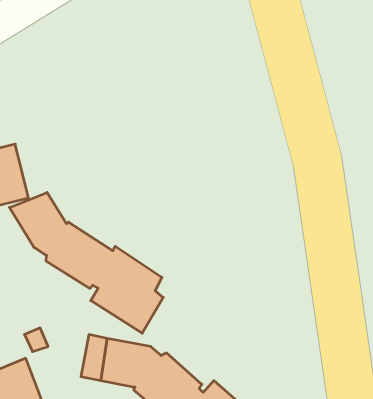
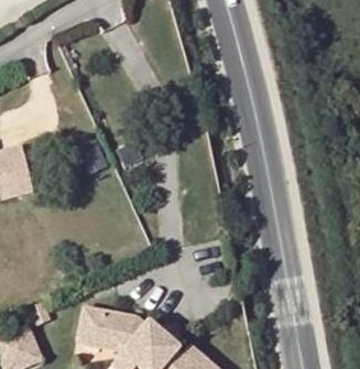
building: [9,192,163,333] -> none

